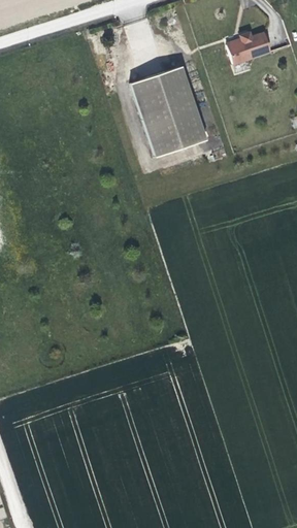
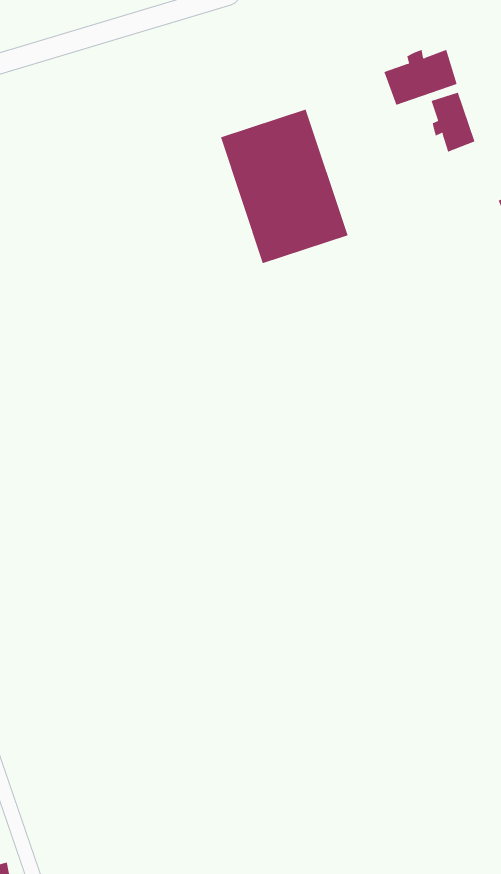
building: none -> [431,92,475,152]

